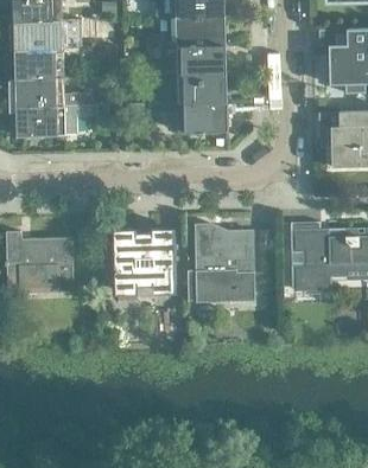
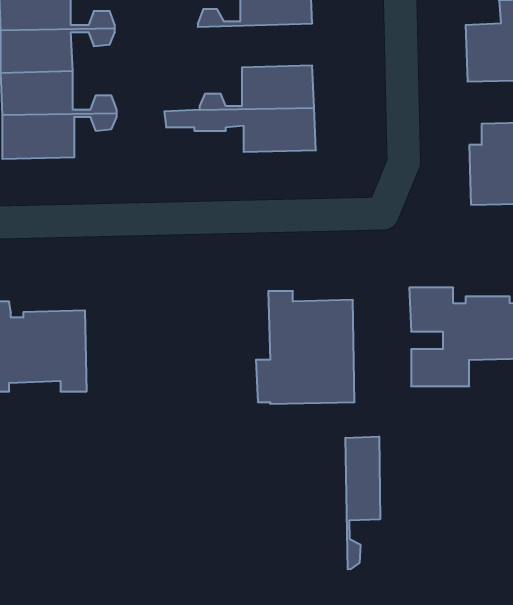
building: [147,45,224,75] -> none
building: [112,229,175,289] -> none
building: none -> [345,436,380,569]

